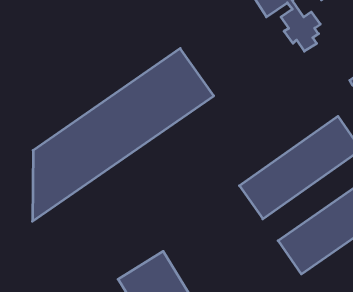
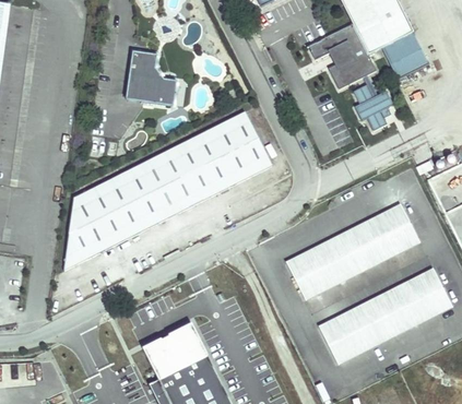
building: none -> [126,52,176,106]

